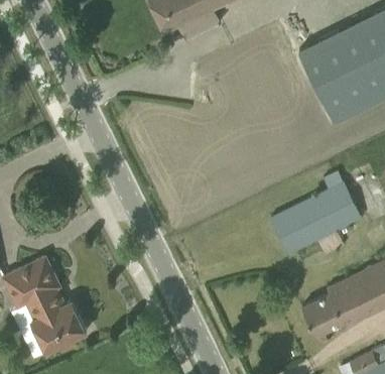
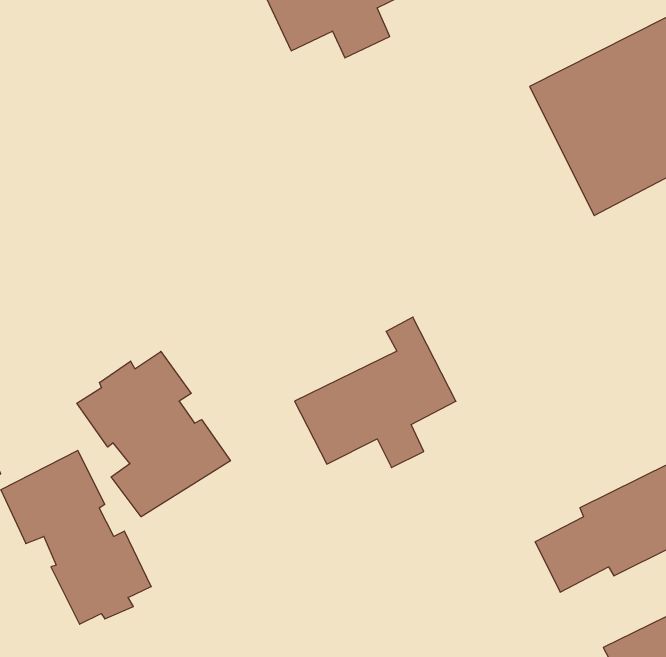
building: [270,172,361,257] -> [295,317,456,468]
building: none -> [77,351,230,517]

